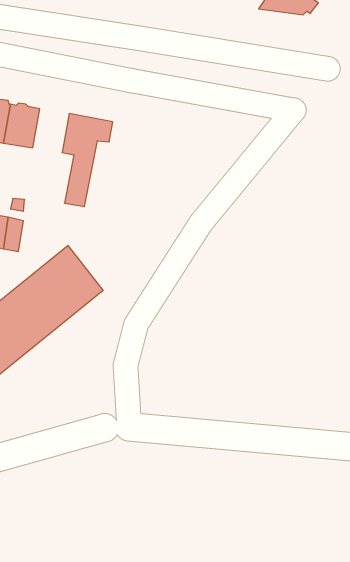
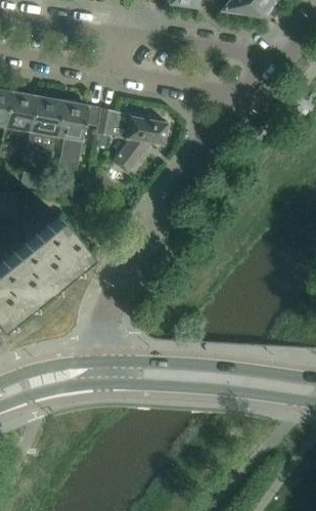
building: none -> [27,96,60,152]
building: none -> [95,108,168,173]

